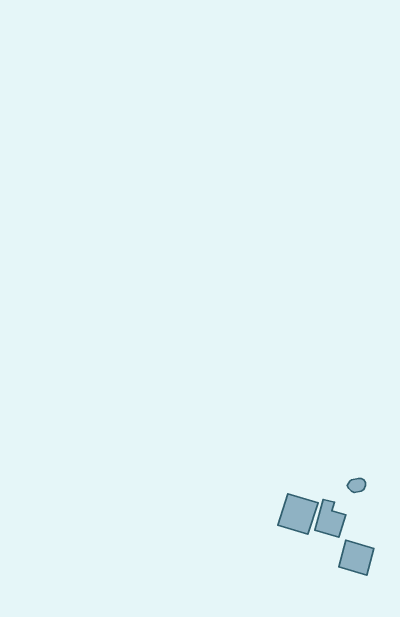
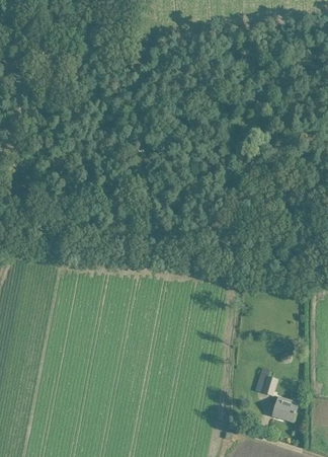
building: [278,494,318,534] -> none

